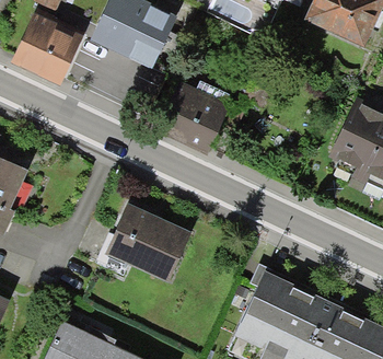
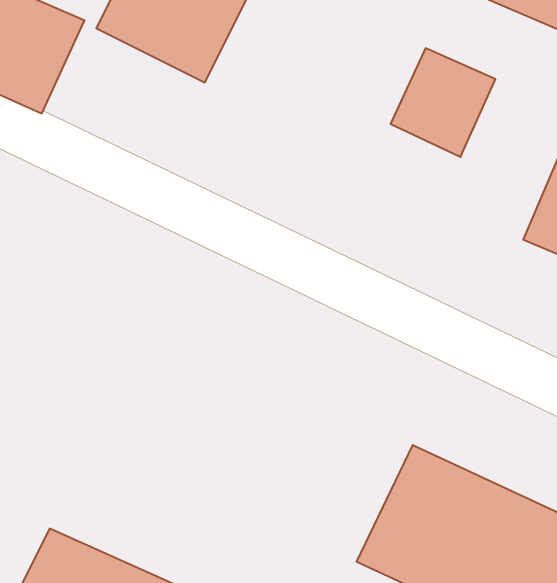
building: [176,76,235,137] -> [391,48,495,157]
building: [108,207,192,281] -> none

